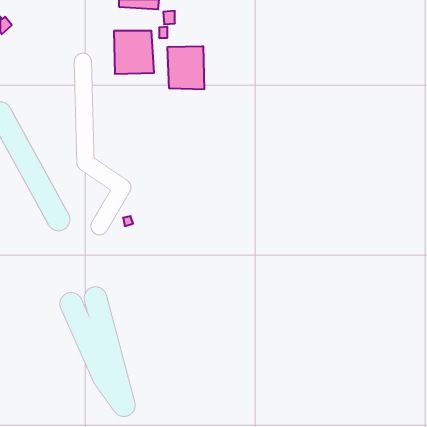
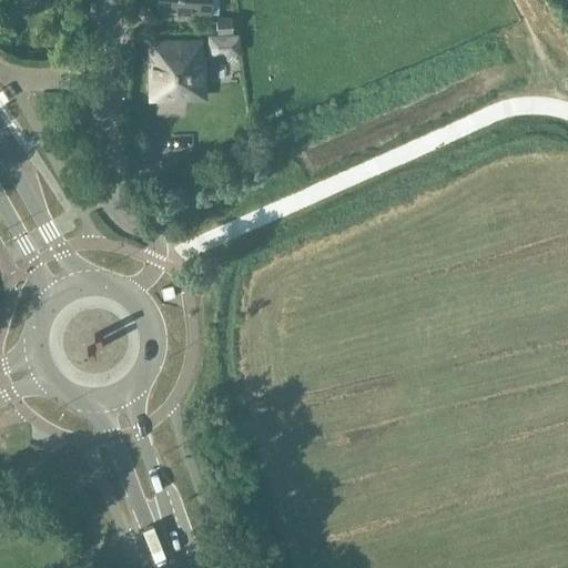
building: [168,46,204,89] -> none

